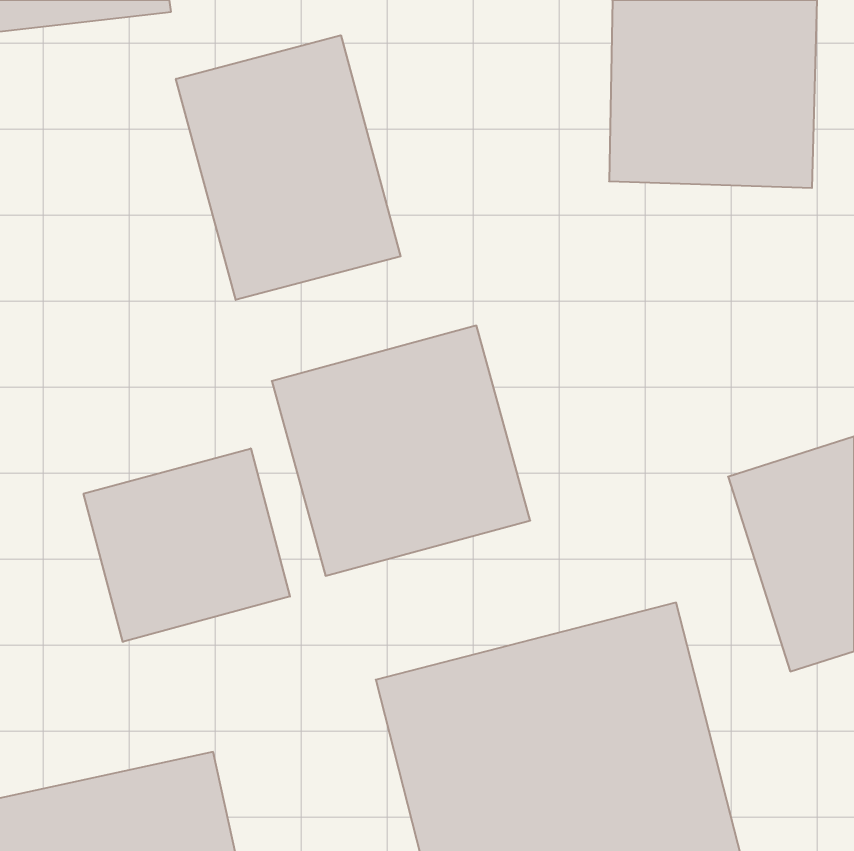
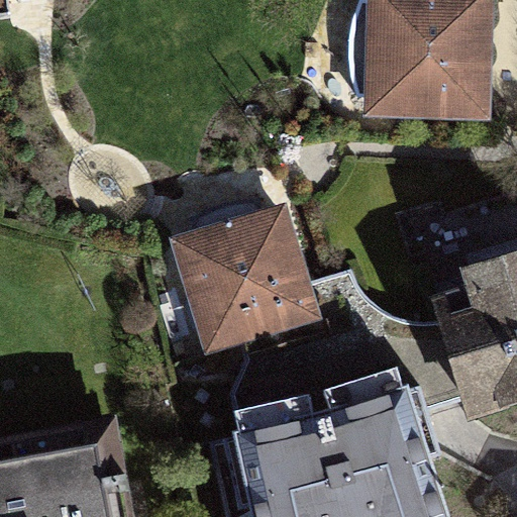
building: [176,35,401,300] -> none
building: [84,448,290,642] -> none

